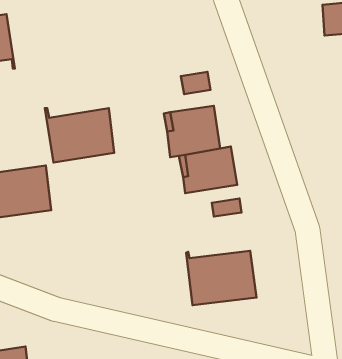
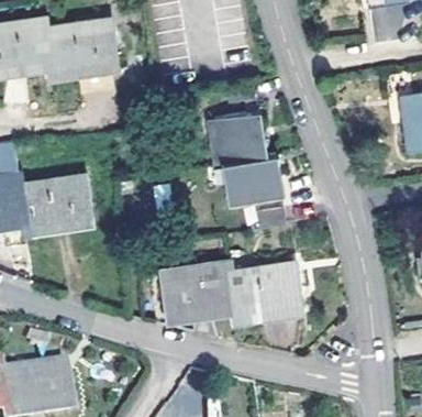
building: [45,108,114,162] -> [45,17,116,73]
building: none -> [164,263,237,318]

